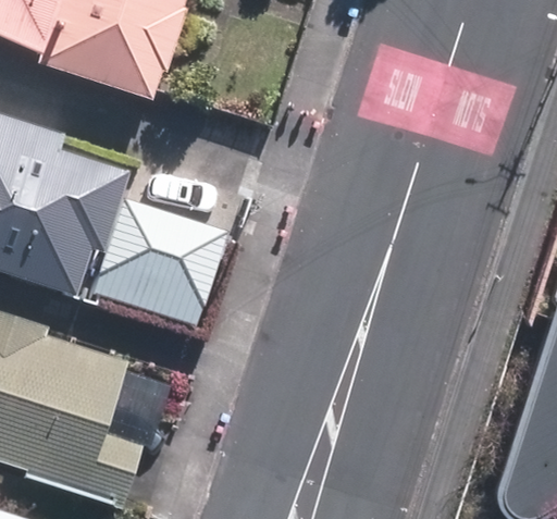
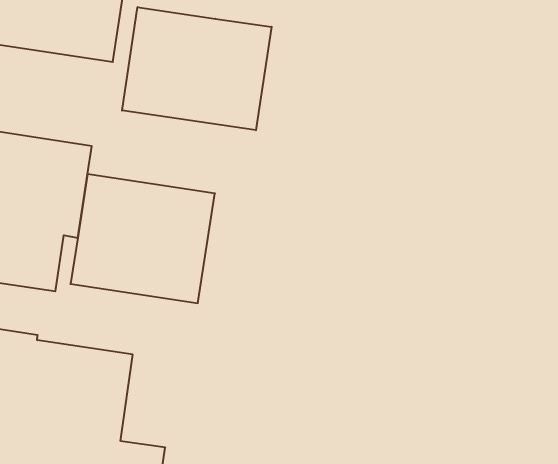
building: none -> [122,7,272,130]

